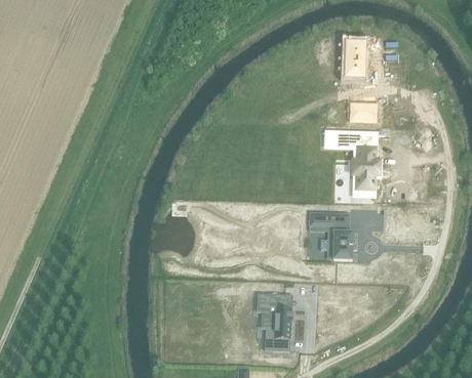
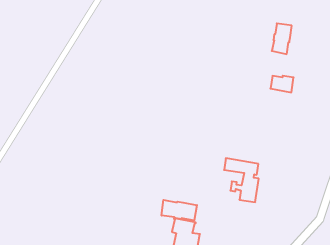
building: [336,132,379,188] -> none
building: none -> [162,200,197,221]

